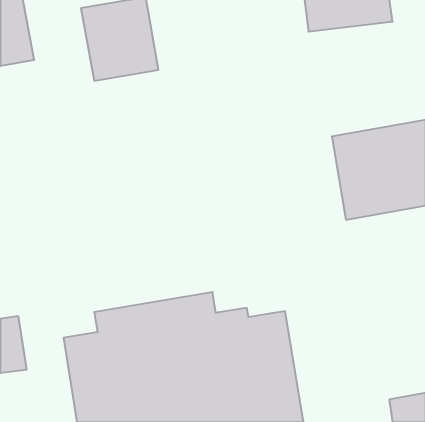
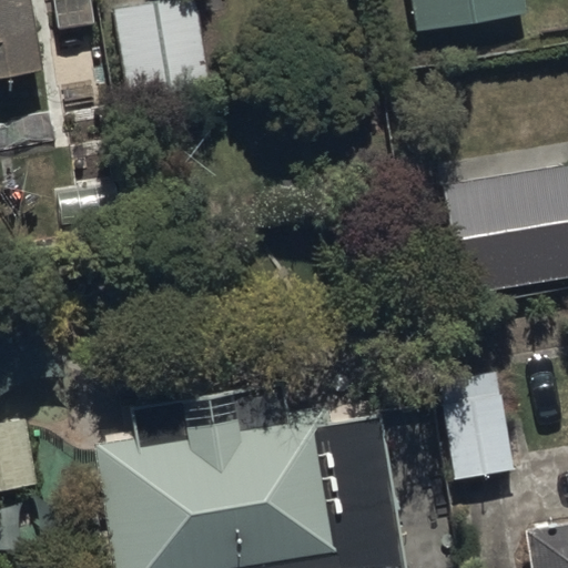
building: none -> [433,368,513,487]

